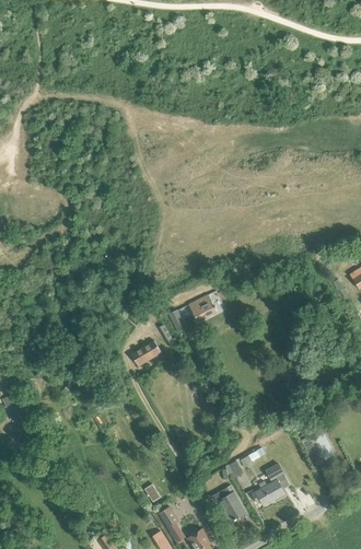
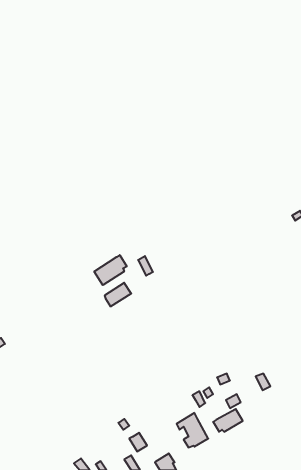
building: [188,295,217,323] -> none
building: none -> [94,255,127,285]

